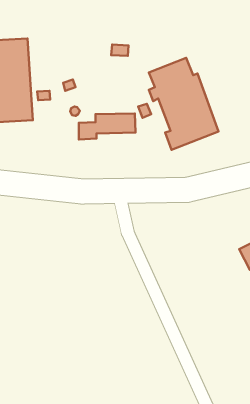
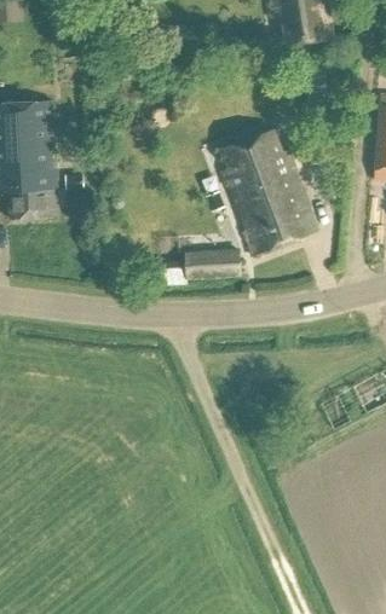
building: [79,113,136,139] -> [161,248,240,284]

